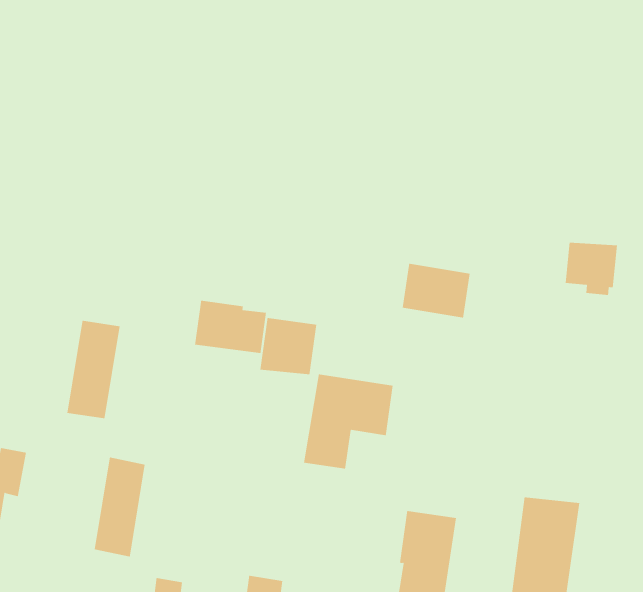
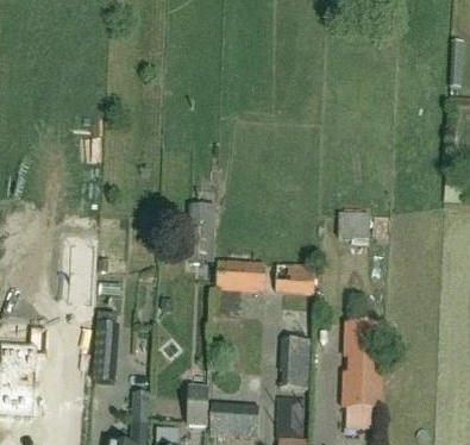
building: [565,242,618,295] -> [337,209,366,240]
building: [402,263,470,318] -> [274,262,313,292]
building: [195,300,267,354] -> none

